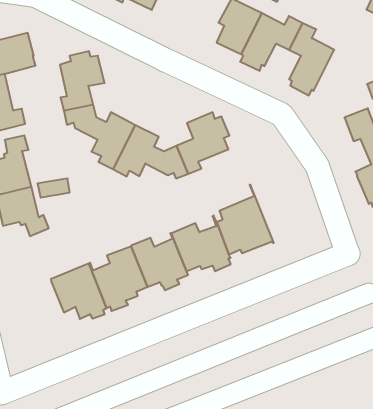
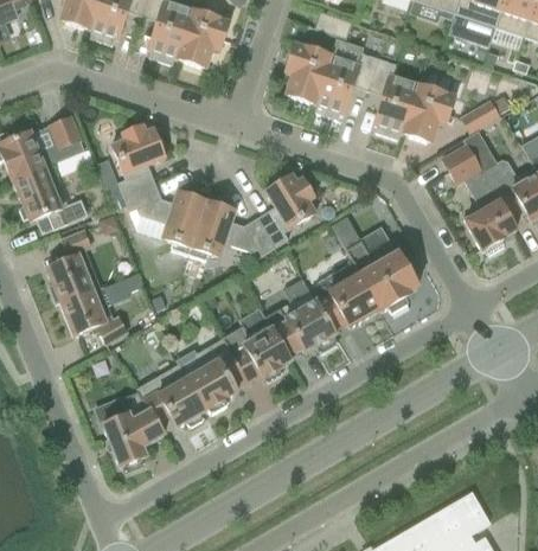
building: none -> [403,83,456,142]
building: none -> [347,239,418,312]
building: none -> [101,391,165,470]

